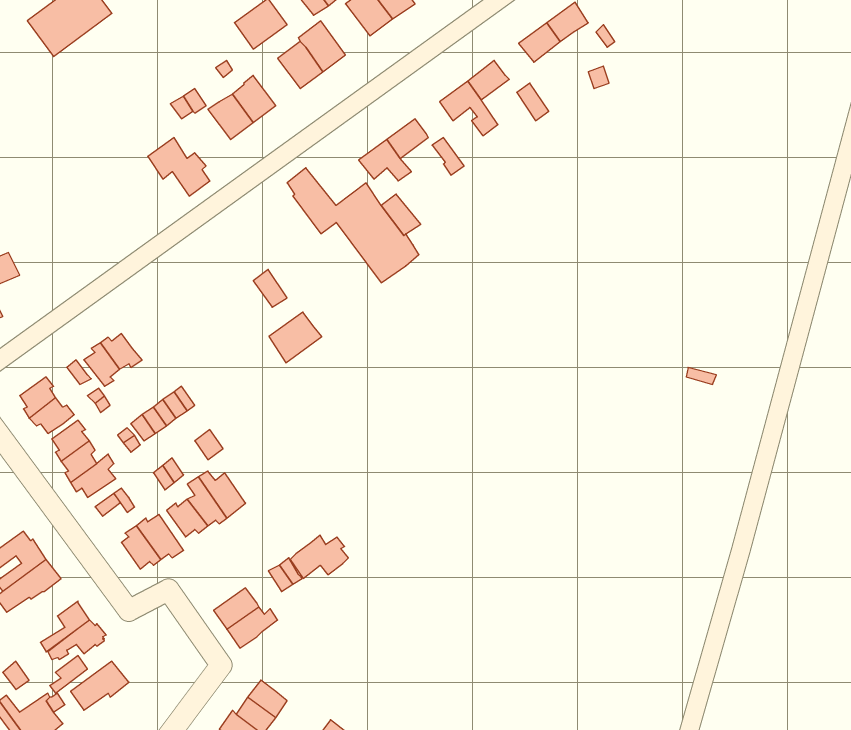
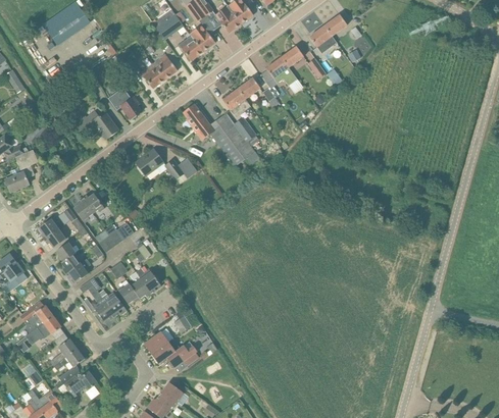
building: none -> [72,111,119,140]
building: [269,312,322,363] -> [136,149,164,176]
building: [290,535,348,578] -> [167,345,199,368]

